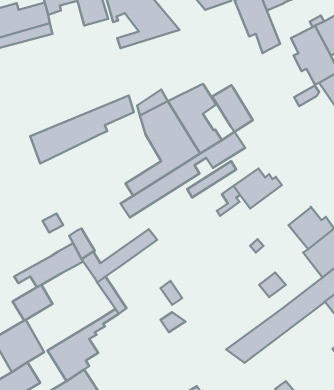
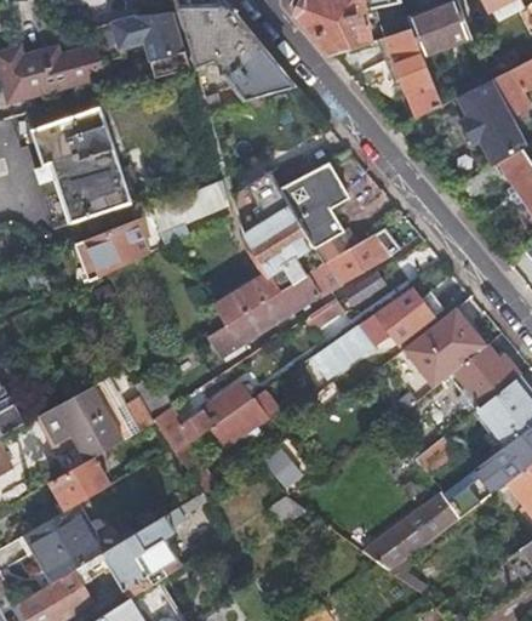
building: none -> [39,107,132,220]
building: [212,85,253,132] -> none
building: none -> [404,309,486,386]
building: none -> [310,324,365,376]
building: none -> [38,386,108,444]
building: none -> [212,391,276,446]

